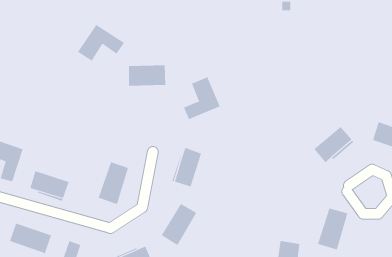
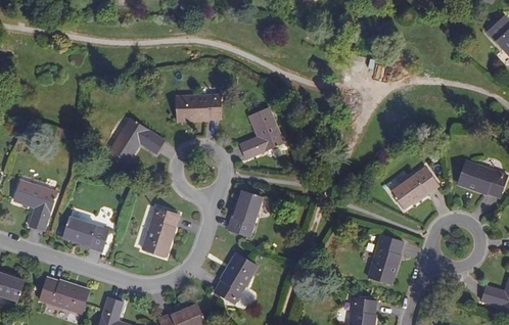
building: [77,24,125,61] -> [109,119,165,161]
building: [317,208,348,250] -> [367,235,403,284]

